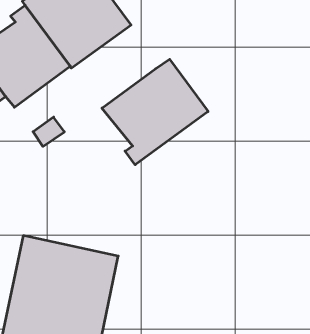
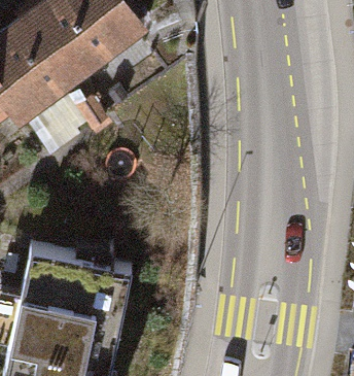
building: [102,59,208,165] -> none

